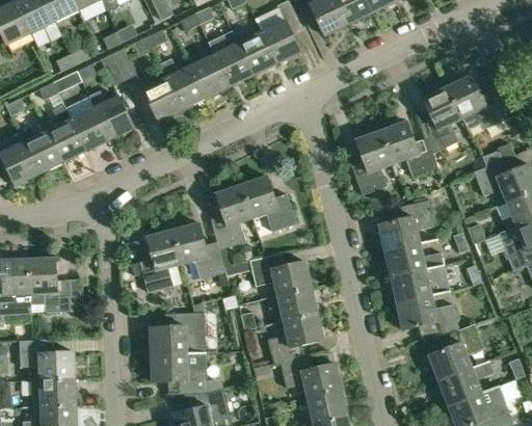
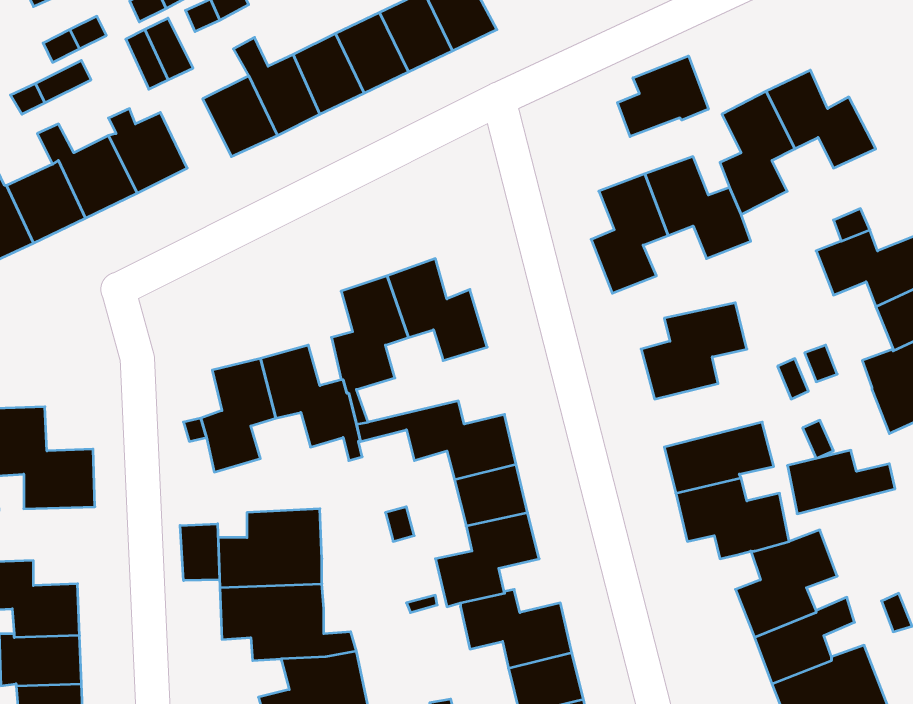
building: none -> [617,56,708,137]
building: [385,244,444,278] -> [787,450,895,514]
building: none -> [180,524,220,581]

